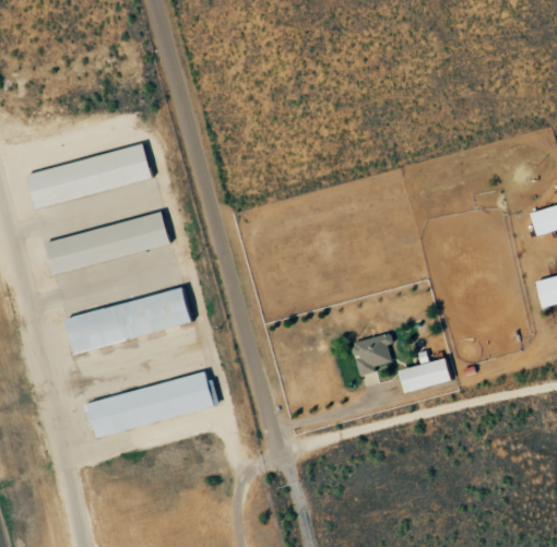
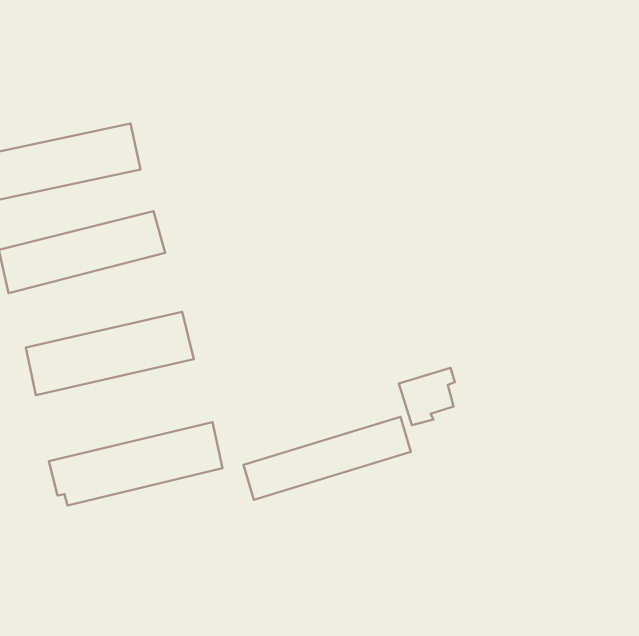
building: [399,357,451,392] -> none
building: none -> [243,417,411,500]

